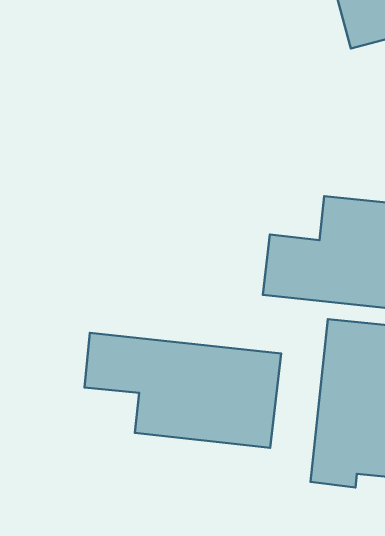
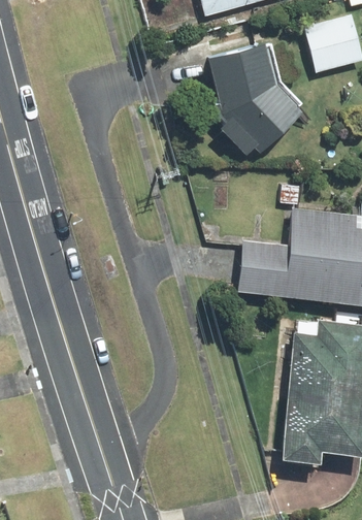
building: none -> [205,43,304,155]
building: [85,333,281,448] -> none

